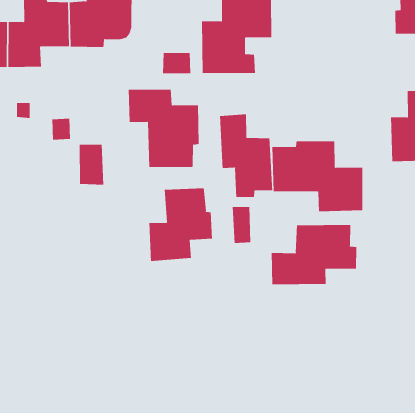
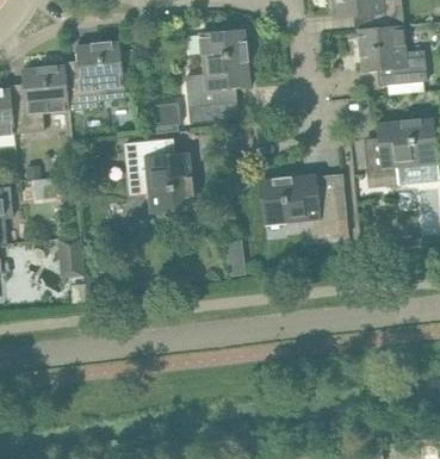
building: [219,114,273,198] -> none
building: [79,144,104,185] -> [58,237,85,275]
building: [149,187,213,262] -> none
building: [271,224,357,285] -> none

